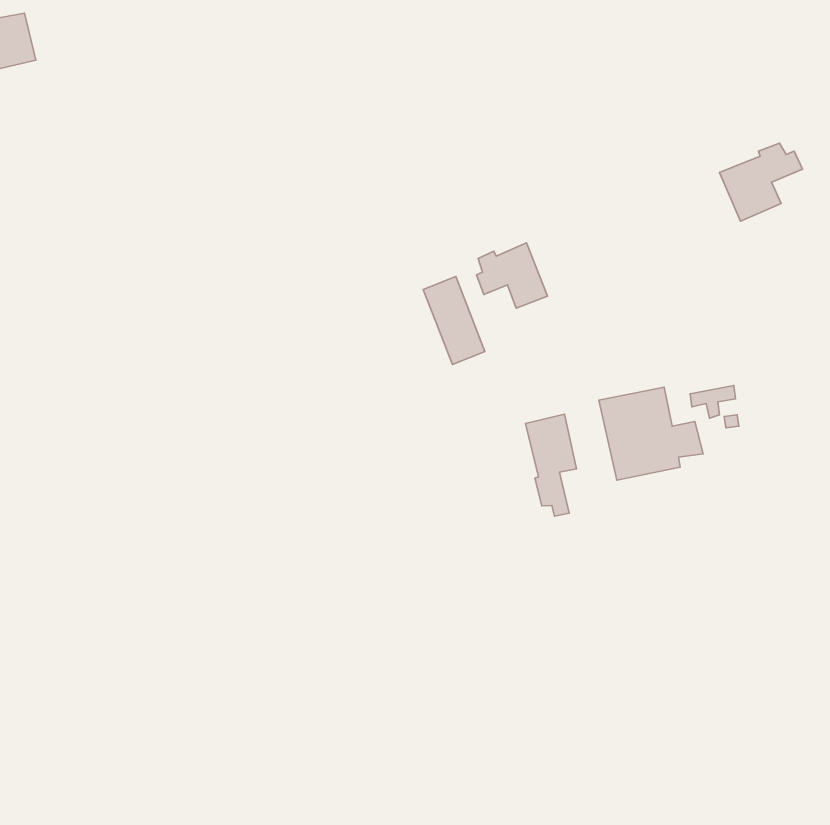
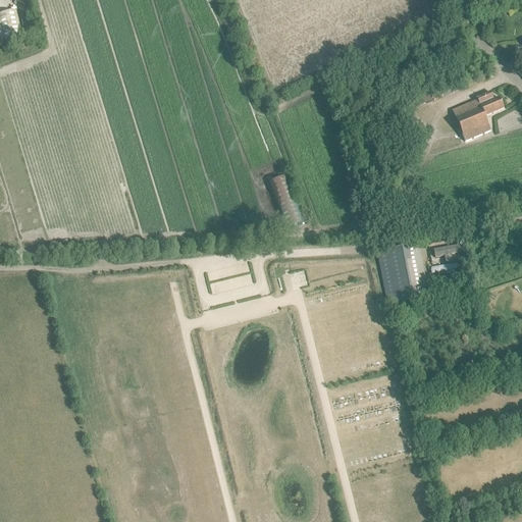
building: [476,243,548,308] -> none
building: [525,414,577,516] -> none

